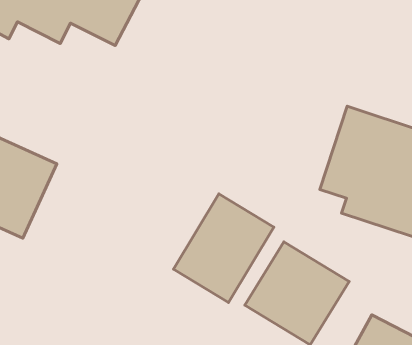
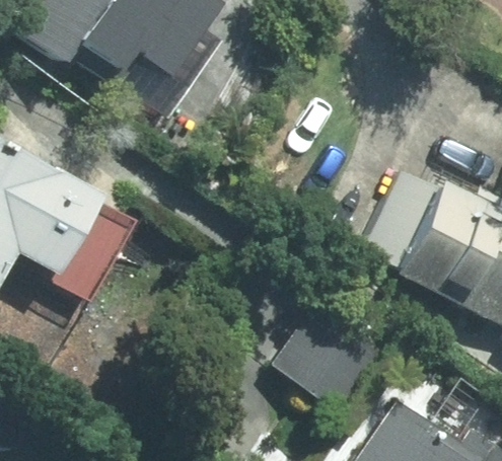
building: [174,194,274,302] -> none

